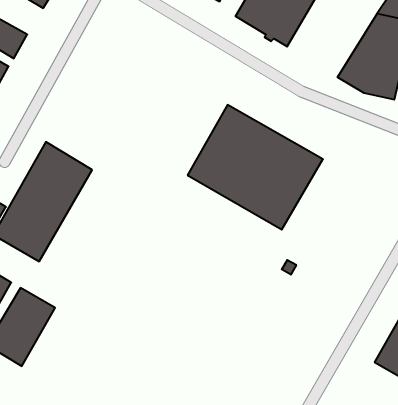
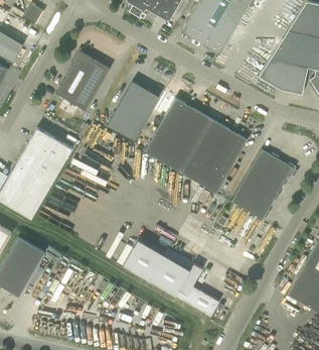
building: none -> [55,50,110,110]
building: none -> [107,81,159,140]
building: none -> [231,149,293,220]
building: none -> [122,239,219,317]

